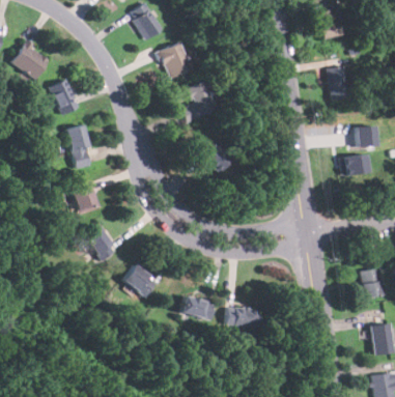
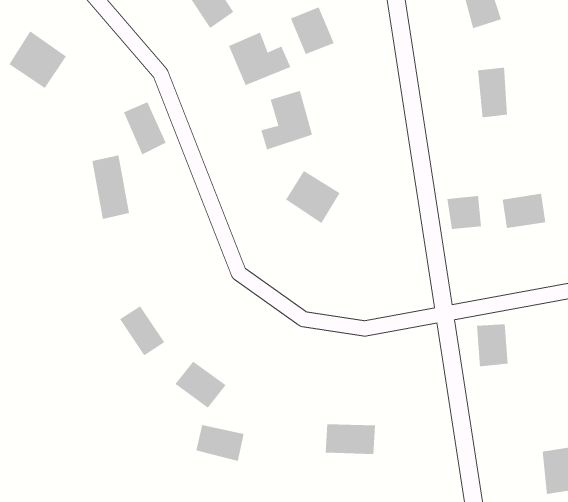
building: none -> [290,7,335,55]
building: [50,80,79,116] -> [123,101,166,155]
building: [356,123,379,146] -> [447,196,482,229]
building: [72,185,100,215] -> none
building: [361,271,383,300] -> [476,324,508,367]
building: [180,295,214,320] -> [195,425,245,461]

